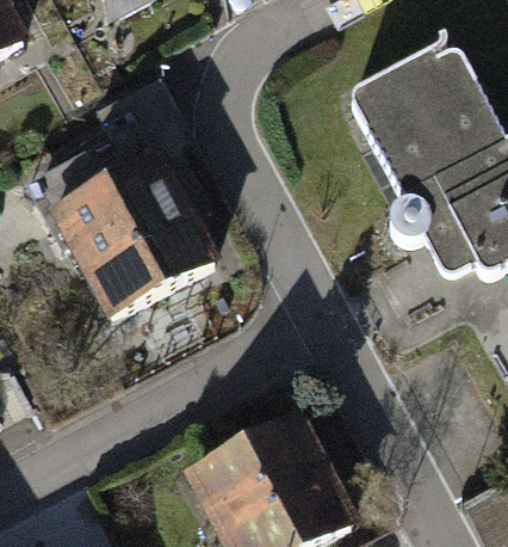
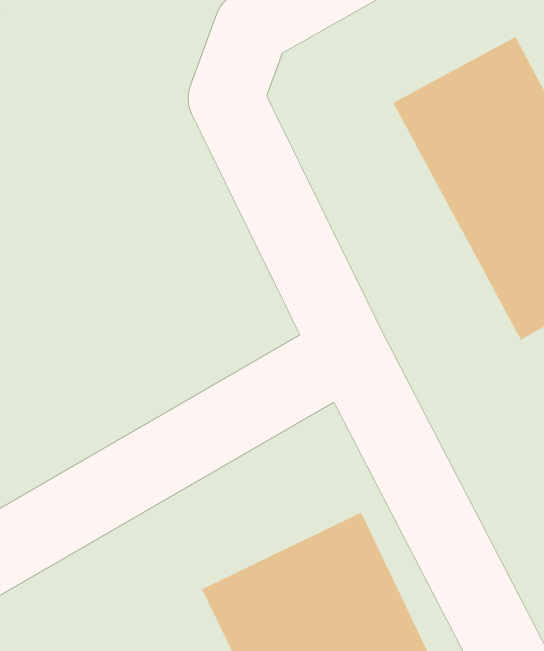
building: [45,136,217,295] -> none

